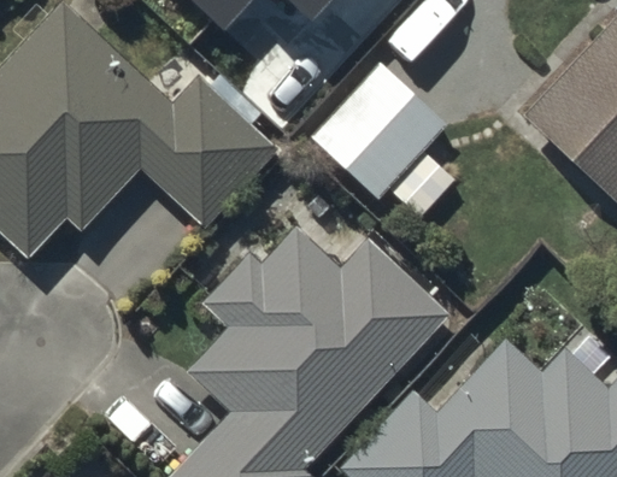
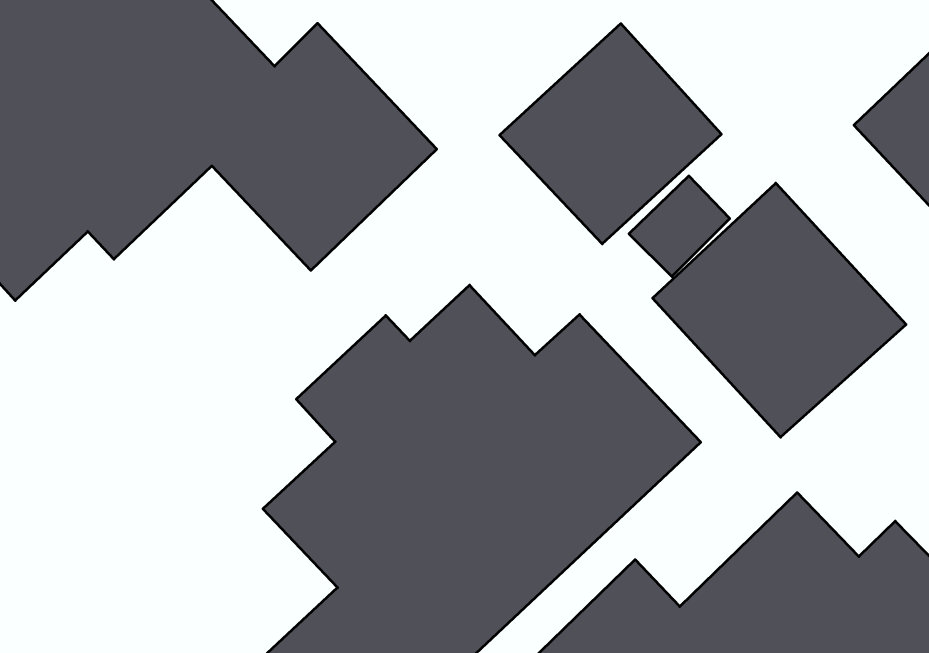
building: none -> [653,183,906,437]

